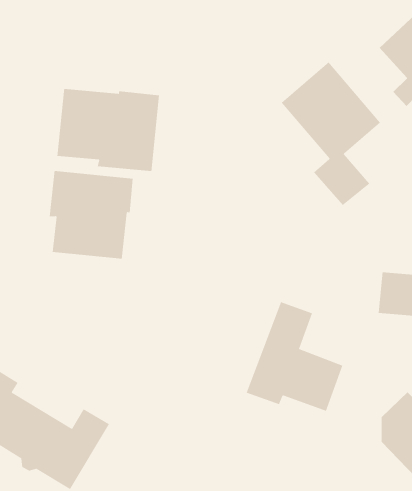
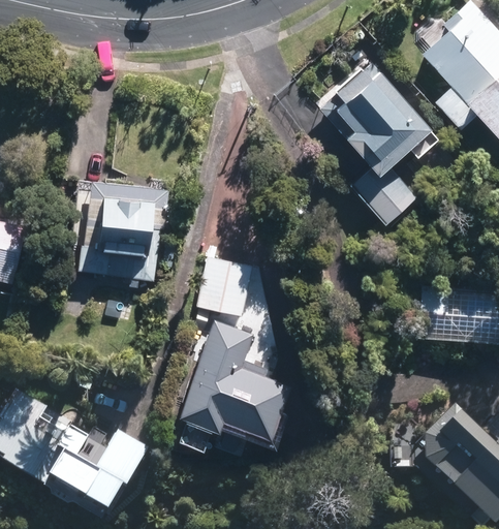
building: [57,88,159,172] -> none
building: none -> [204,255,255,310]
building: [246,302,343,412] -> [184,321,286,437]

